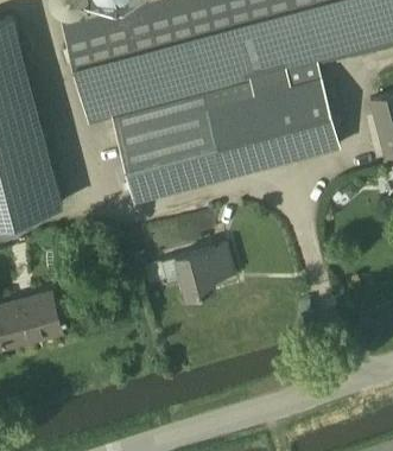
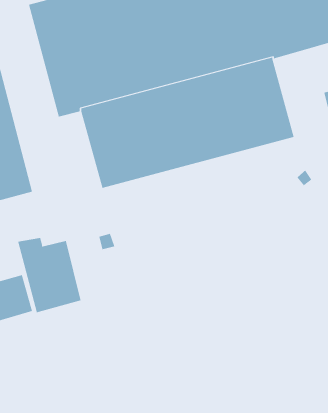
building: [173,246,233,299] -> none
building: none -> [18,237,81,313]

